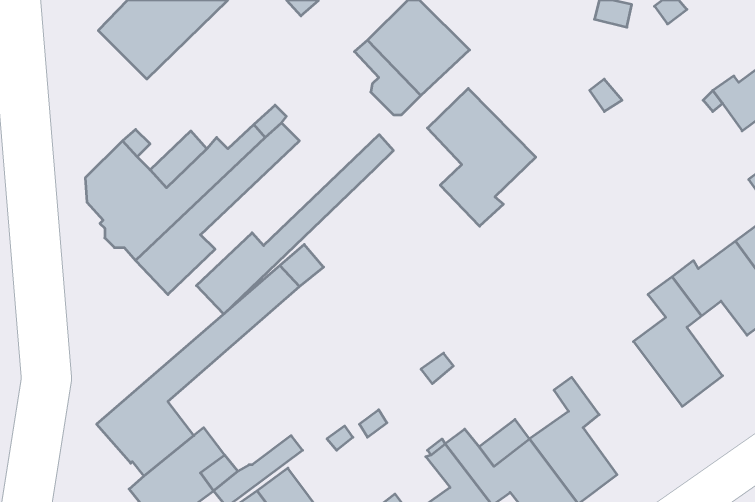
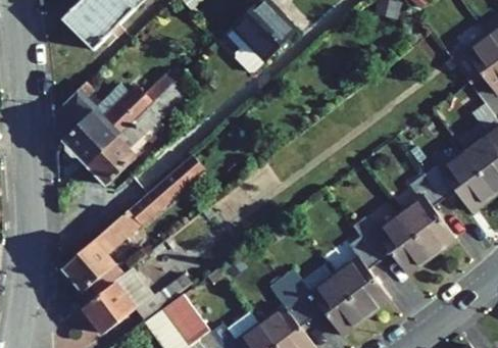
building: [427,88,536,226] -> none
building: [196,135,393,314] -> none
building: none -> [354,215,431,274]

